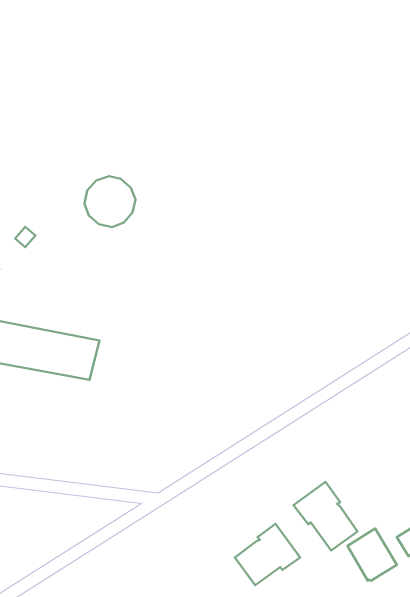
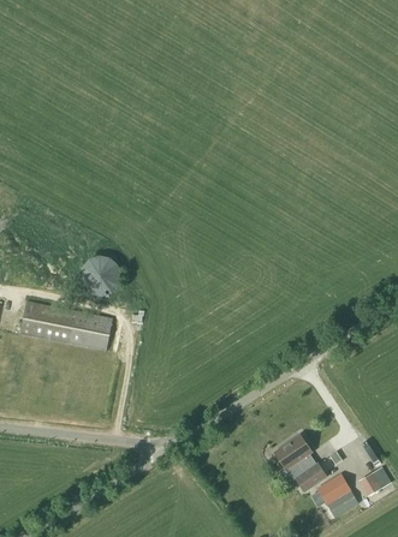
building: [84,176,135,227] -> [79,255,121,297]
building: [235,524,300,585] -> none

